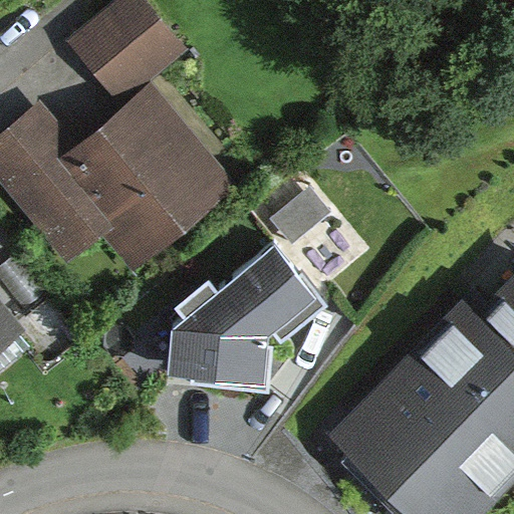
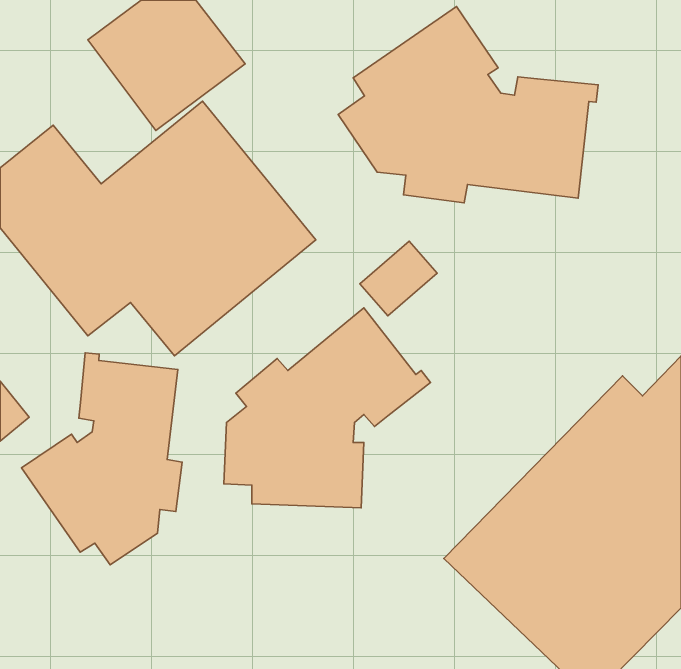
building: none -> [338,6,598,203]
building: none -> [21,353,182,565]

